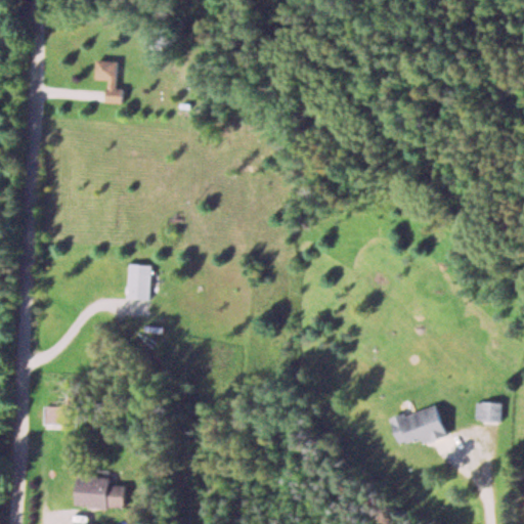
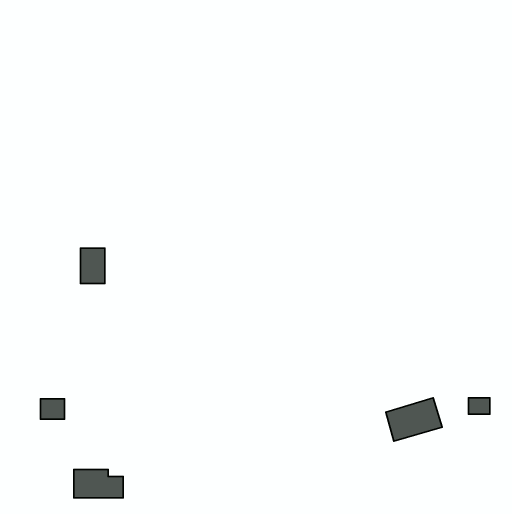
building: [95,60,124,103] -> none
building: [125,265,149,301] -> [81,248,105,284]

